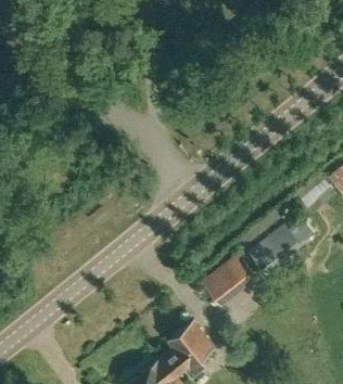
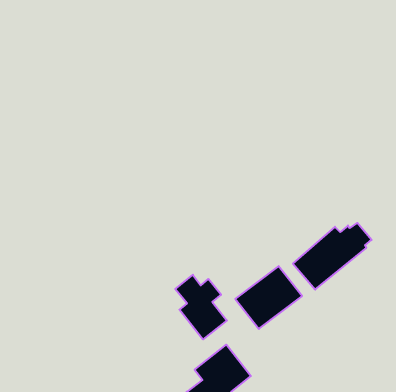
building: none -> [175,275,227,339]

